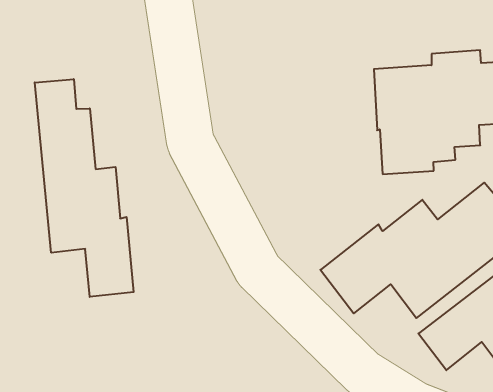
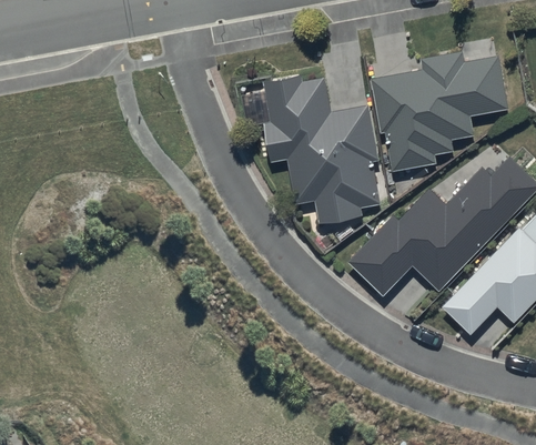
building: none -> [263,74,381,225]
building: [35,79,134,297] -> none

